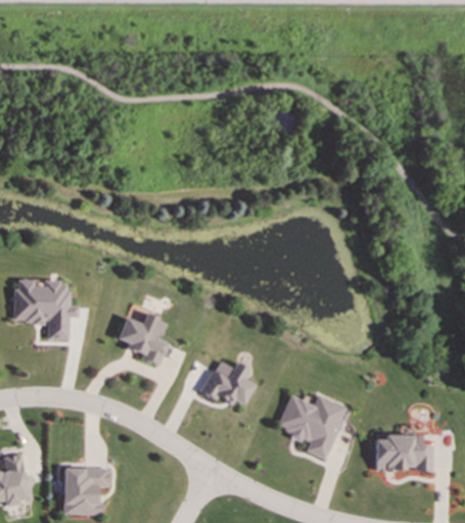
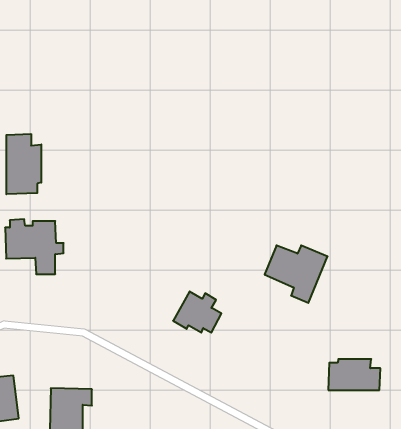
building: none -> [6,134,41,194]
building: [118,314,168,366] -> none
building: [276,395,346,460] -> [265,245,328,303]

